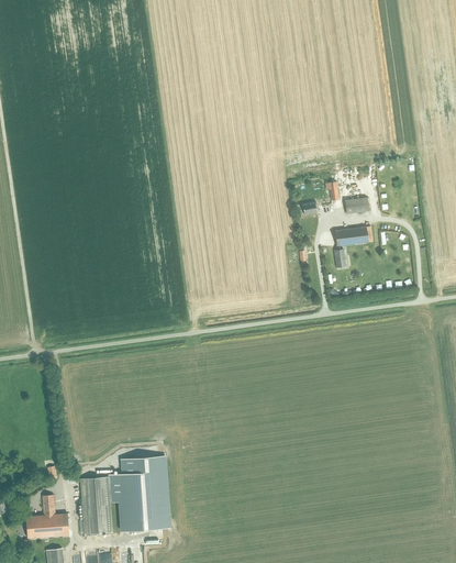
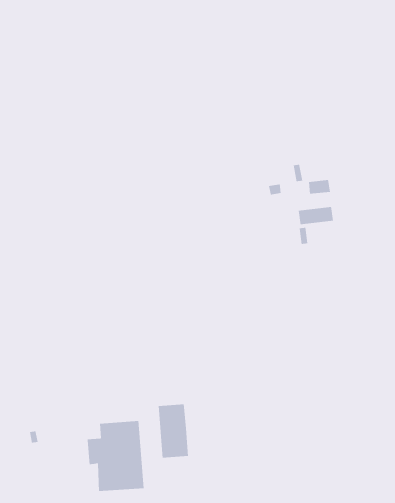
building: [79,476,112,534] -> [158,404,189,458]
building: [25,495,68,538] -> none

